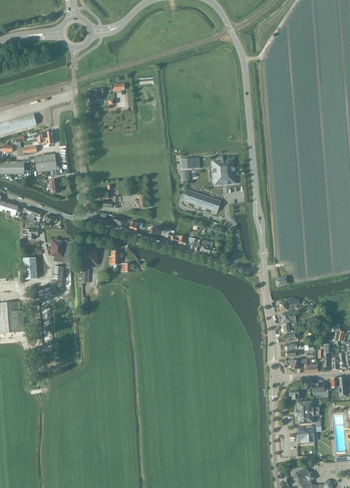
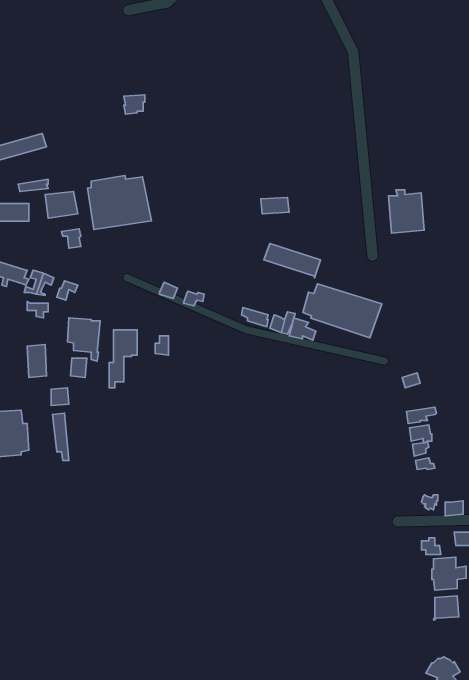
building: none -> [88,176,152,229]
building: [212,156,236,185] -> [389,190,424,233]
building: none -> [303,284,382,338]

